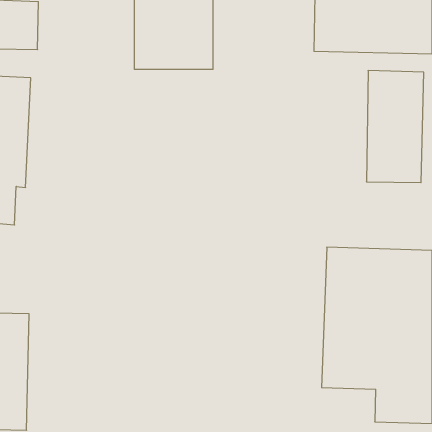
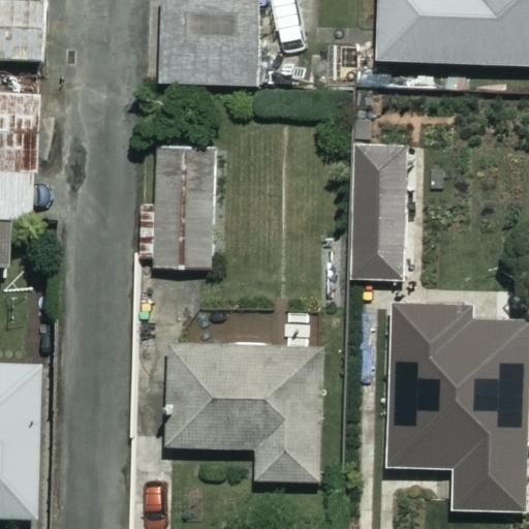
building: [366,71,424,183] -> [352,146,422,281]
building: none -> [141,141,213,270]
building: none -> [168,346,321,481]

